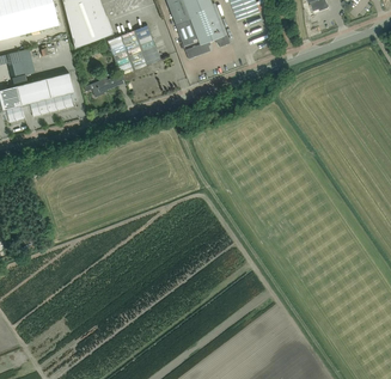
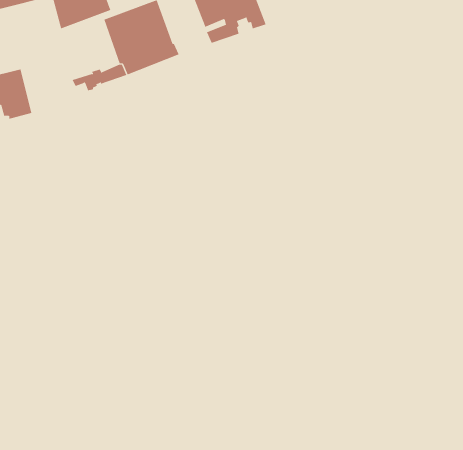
building: [45,72,74,111] -> none

